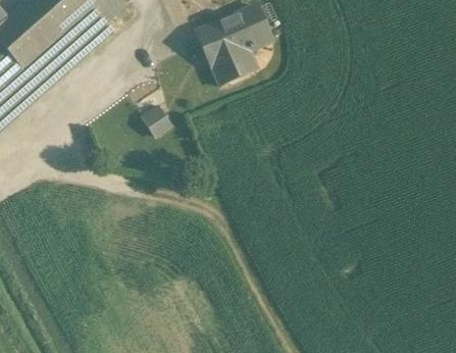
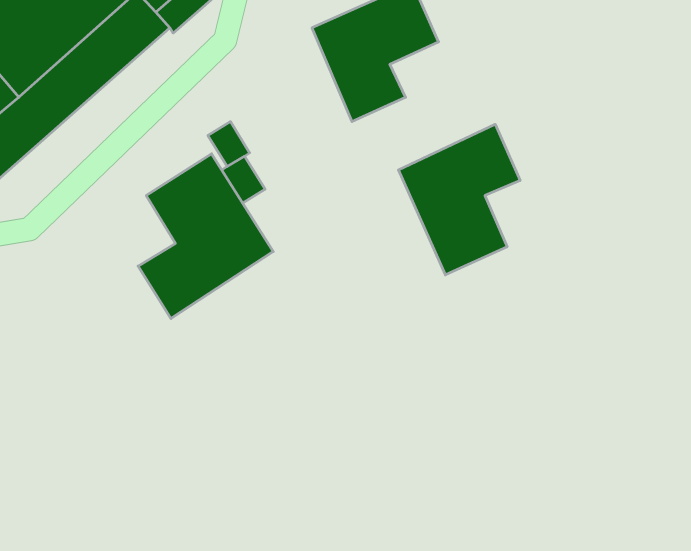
building: none -> [398,124,520,275]
building: none -> [138,154,273,319]

